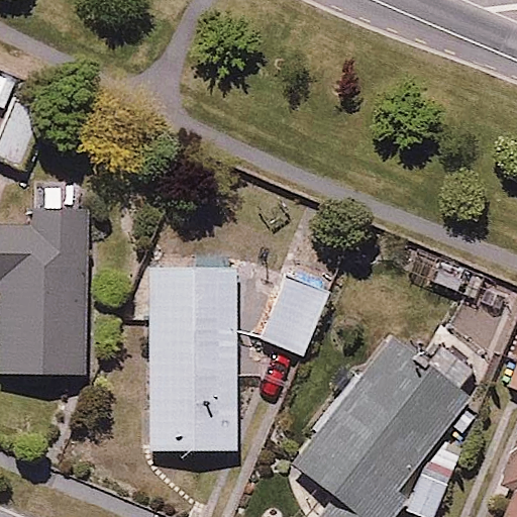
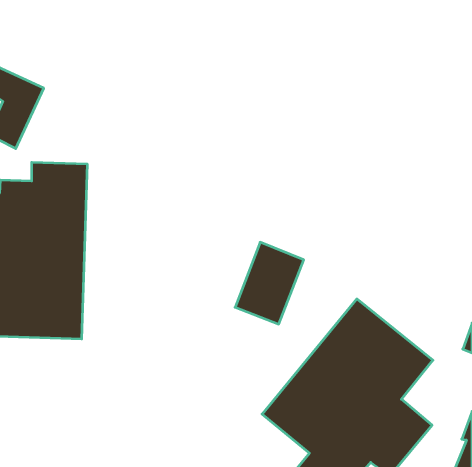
building: [144,260,240,475] -> none

